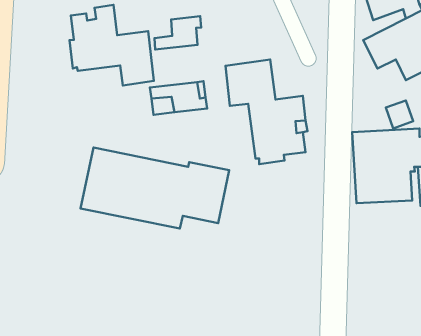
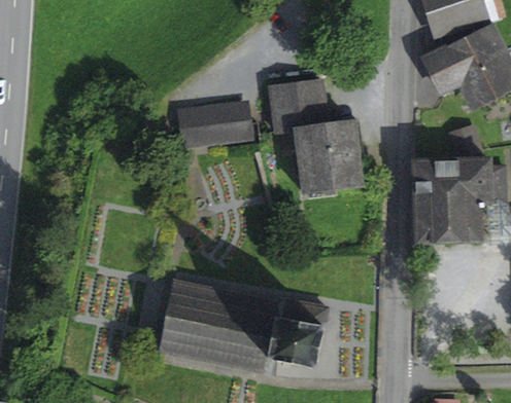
building: [70,5,154,86] -> none
building: [154,16,201,50] -> none
building: [81,148,229,229] -> [159,282,327,373]

